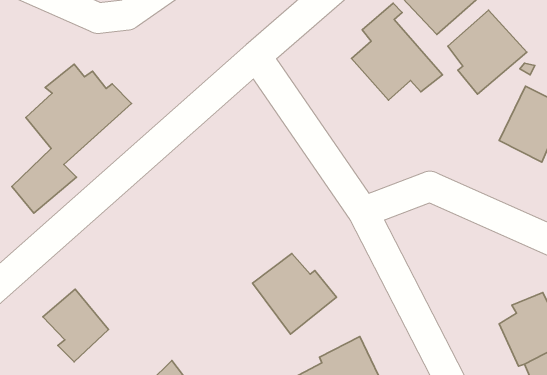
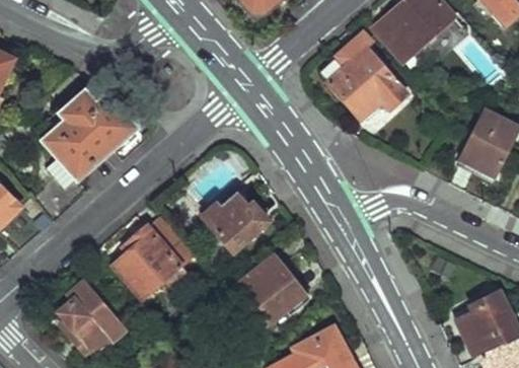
building: [448,10,527,94] -> none
building: none -> [201,189,269,250]
building: none -> [115,218,181,295]

